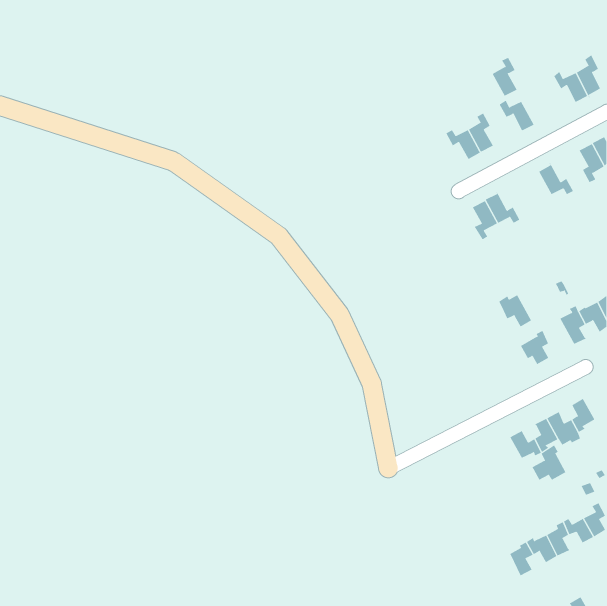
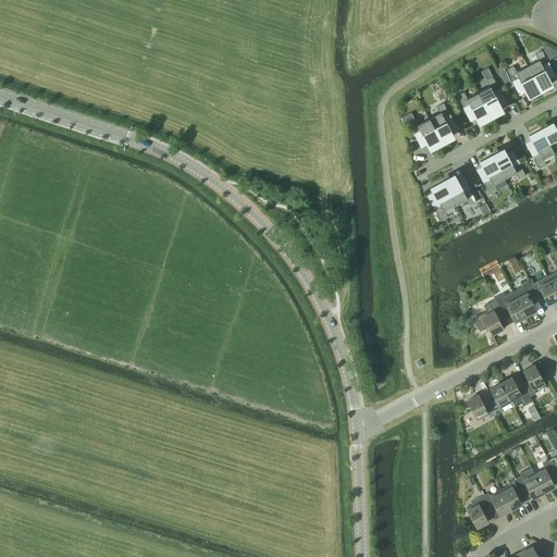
building: [492,57,519,100] -> [478,78,503,117]
building: none -> [480,156,505,195]
building: [498,294,532,328] -> [495,293,525,323]
building: [531,445,566,481] -> none

